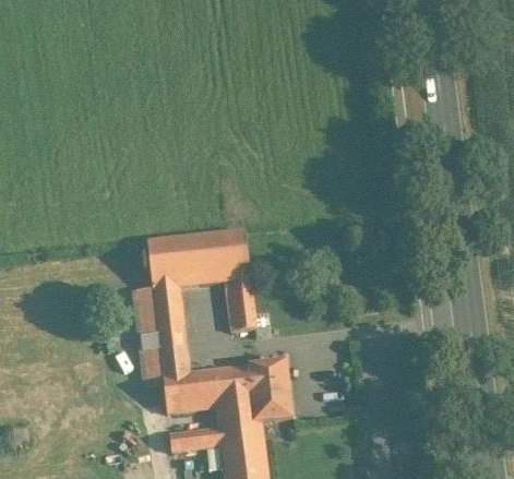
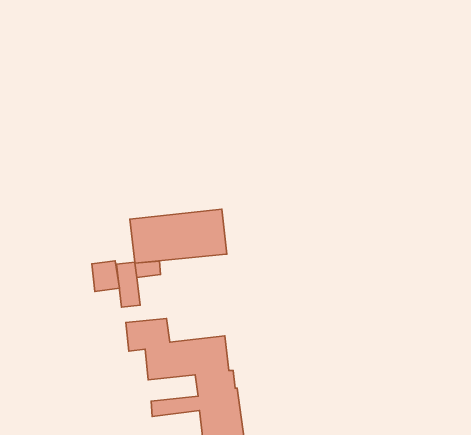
building: [231,277,256,328] -> none
building: [155,299,184,332] -> [92,261,119,291]
building: [249,360,292,420] -> none

